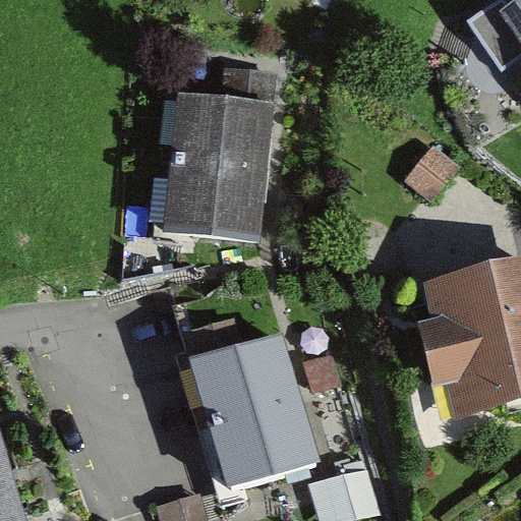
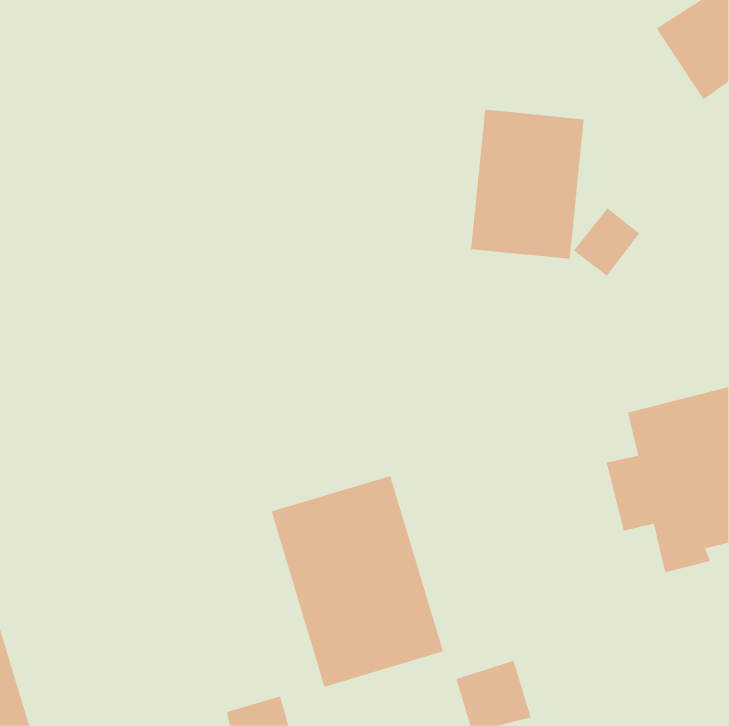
building: [167,71,274,237] -> none
building: none -> [470,109,584,259]

